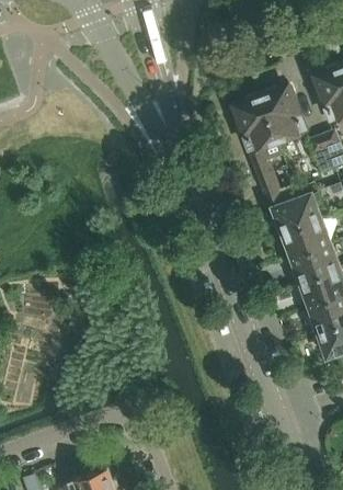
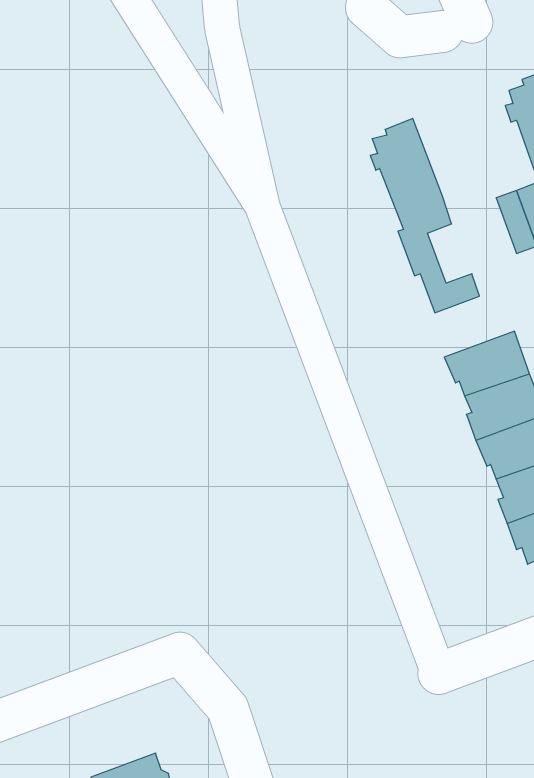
building: [261,87,307,138] -> none
building: [274,193,321,233] -> none

